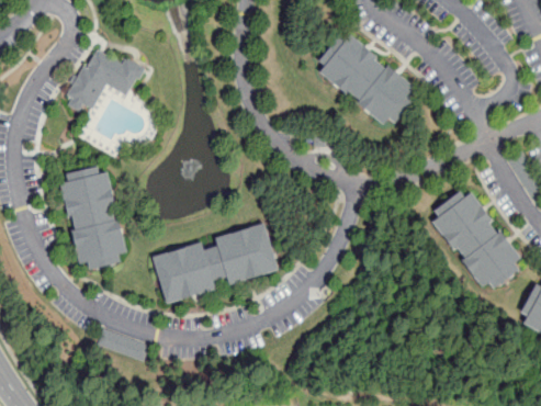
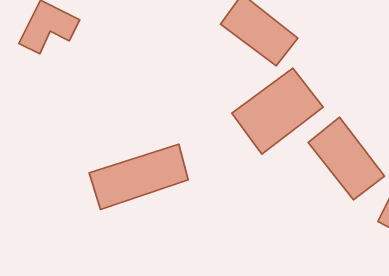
building: none -> [232,68,323,154]
building: [59,170,131,273] -> none

